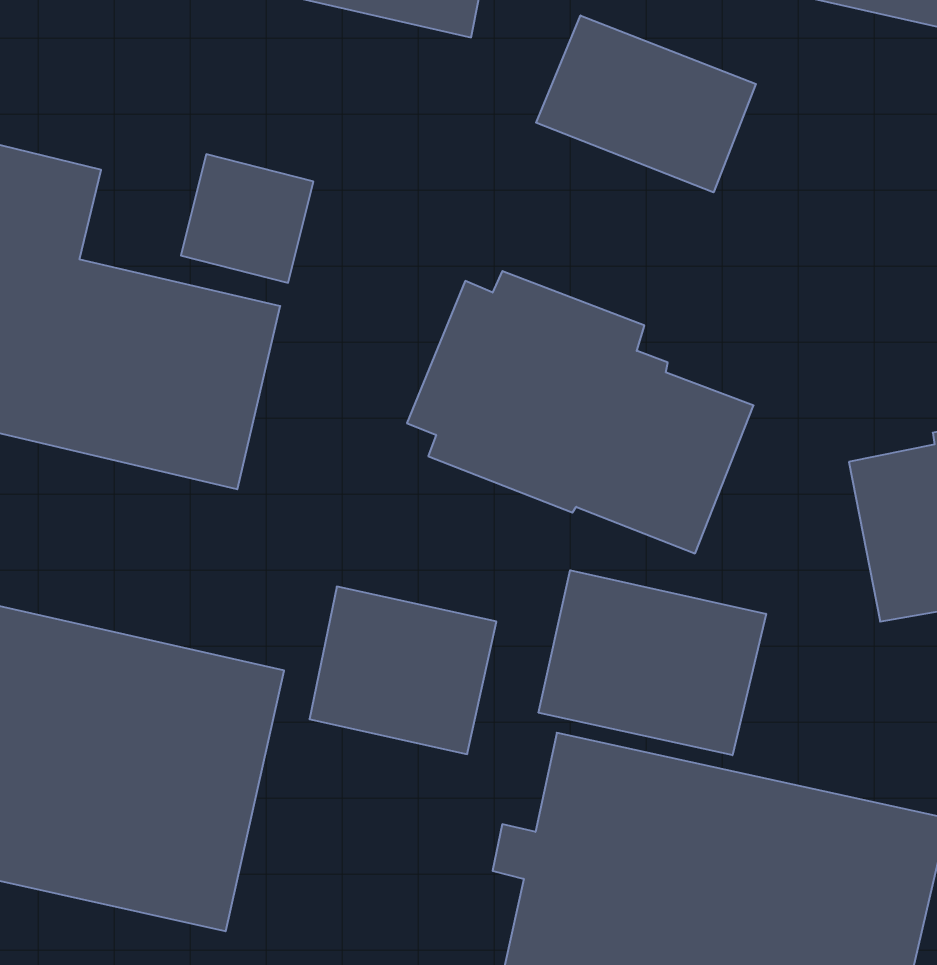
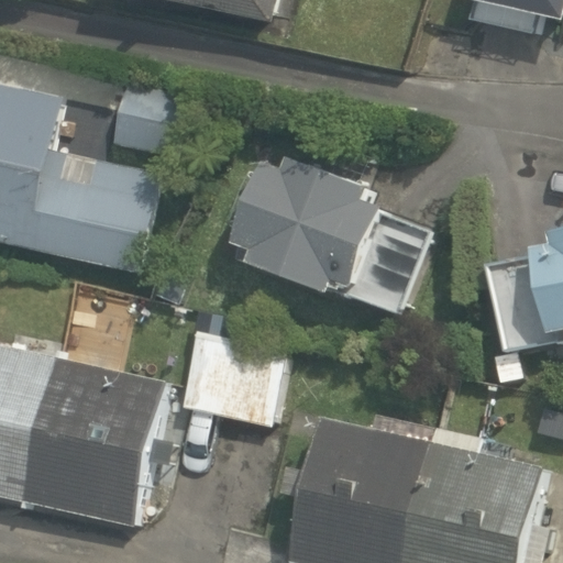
building: [536,15,756,192] -> none
building: [539,570,766,755] -> none

